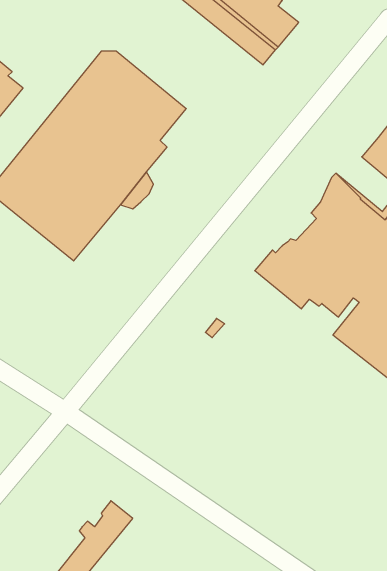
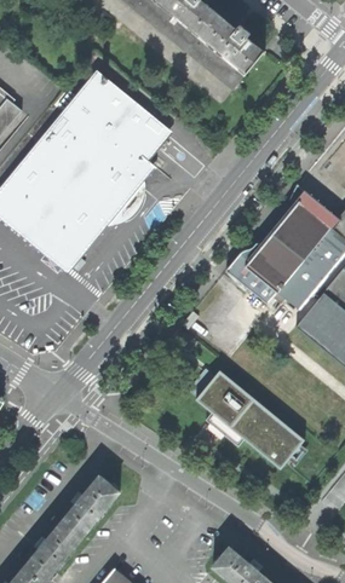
building: none -> [199,373,305,468]

